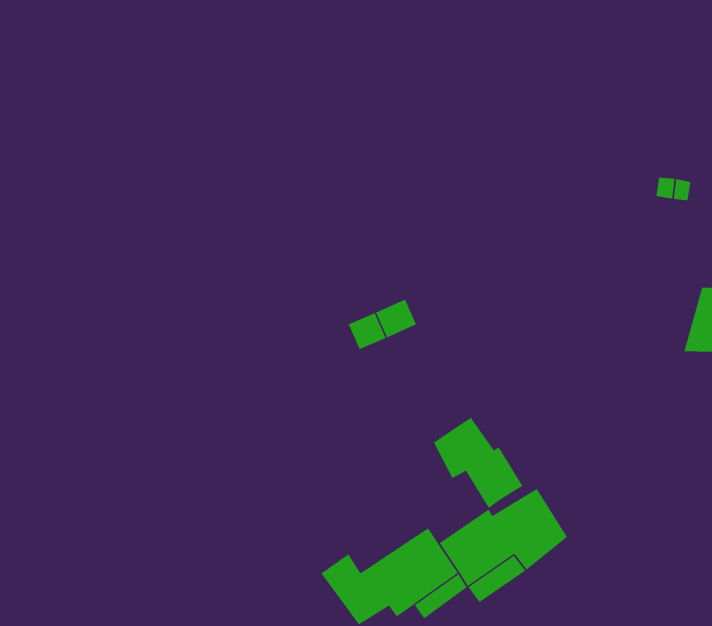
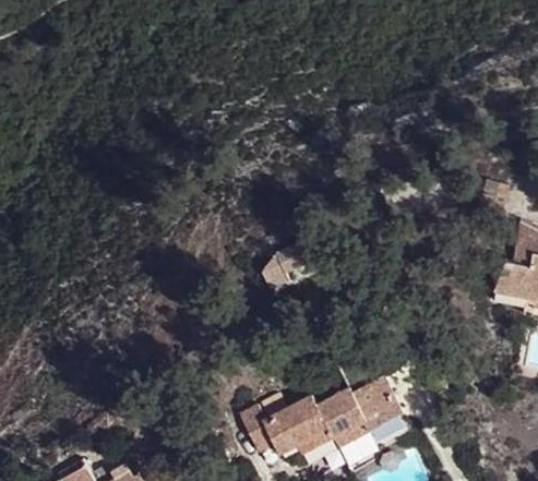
building: [433,417,523,509] -> none

